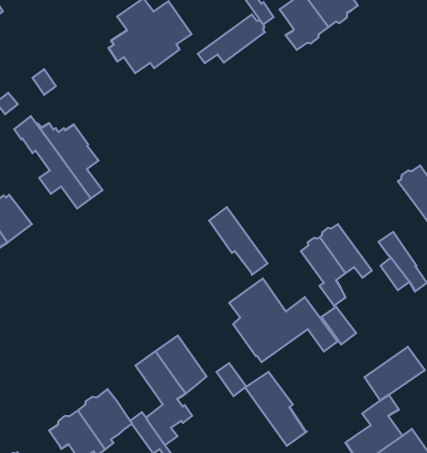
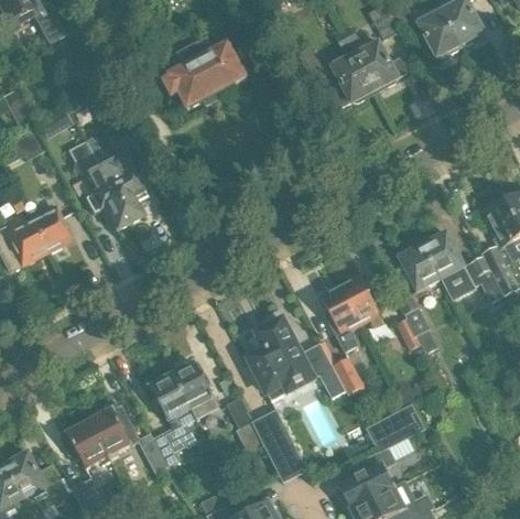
building: [198,15,265,63] -> none
building: none -> [400,245,442,292]
building: [209,207,267,275] -> none

